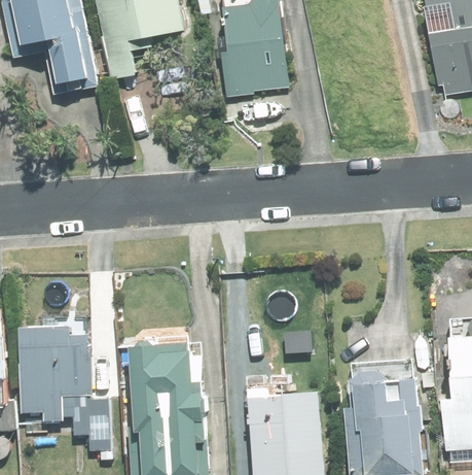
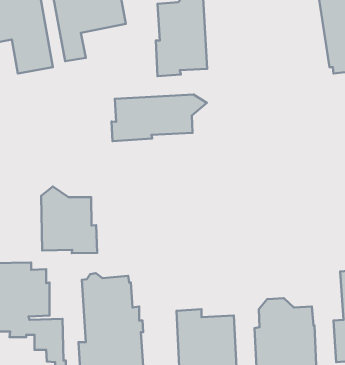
building: none -> [112,94,207,141]
building: none -> [41,187,97,253]

